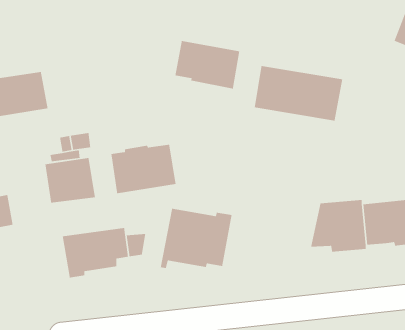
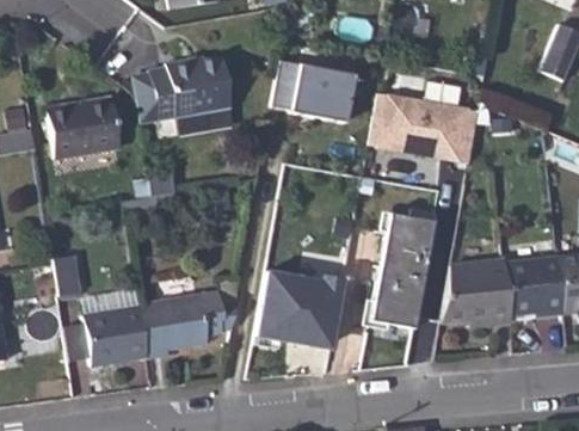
building: [111,144,177,194] -> [147,57,228,119]
building: [45,157,96,204] -> [81,303,144,361]
building: none -> [363,209,438,331]

